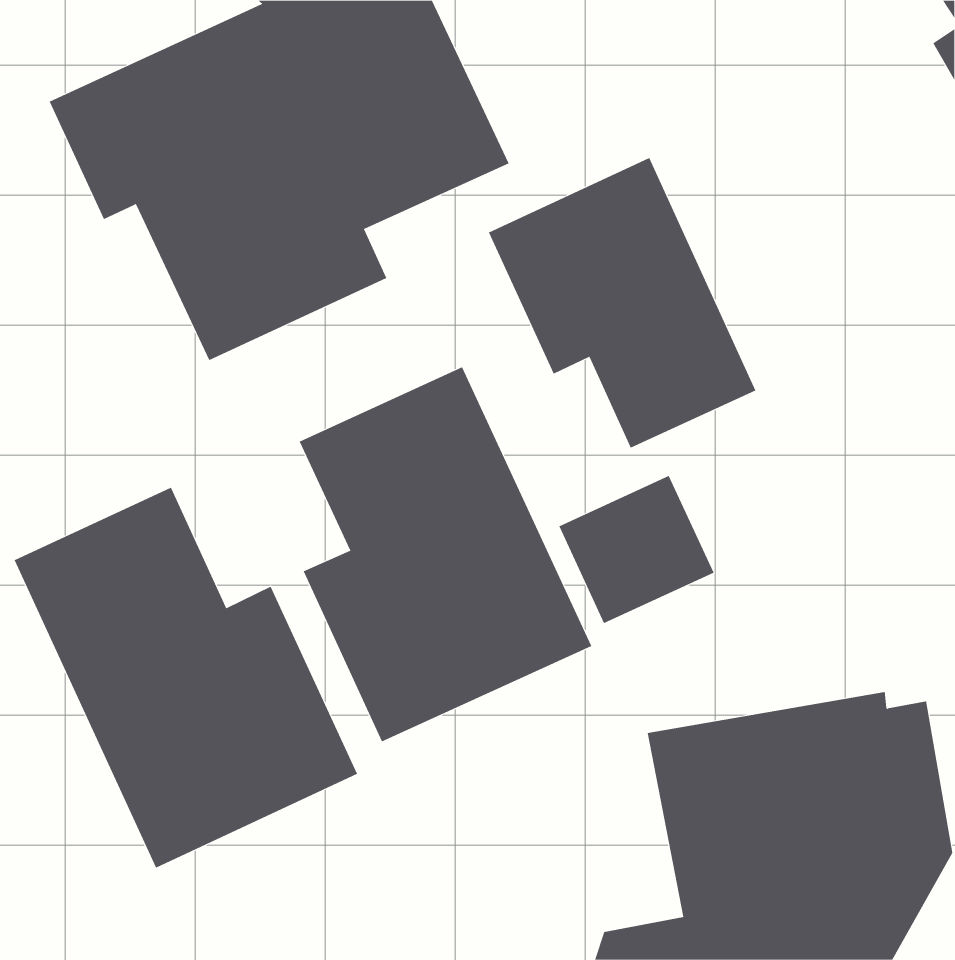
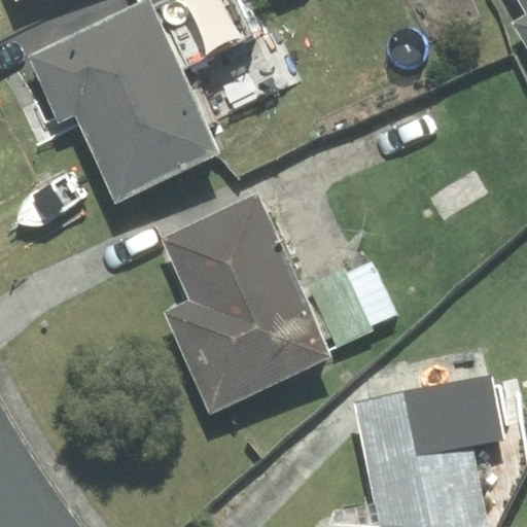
building: [488,157,756,449] -> none
building: [14,487,358,869] -> none

